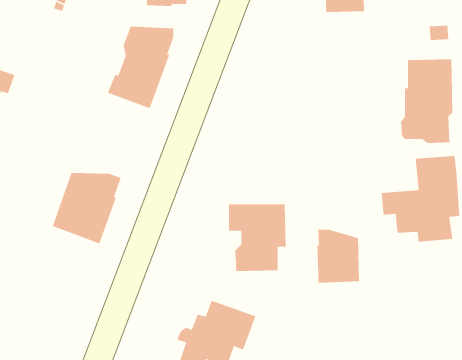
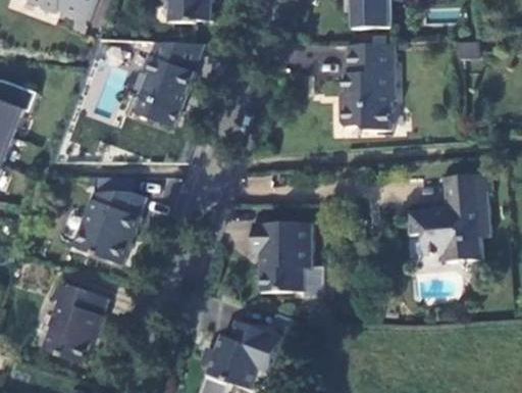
building: [400,58,453,144] -> [340,44,394,131]
building: [316,229,360,284] -> none
building: none -> [43,283,106,362]

